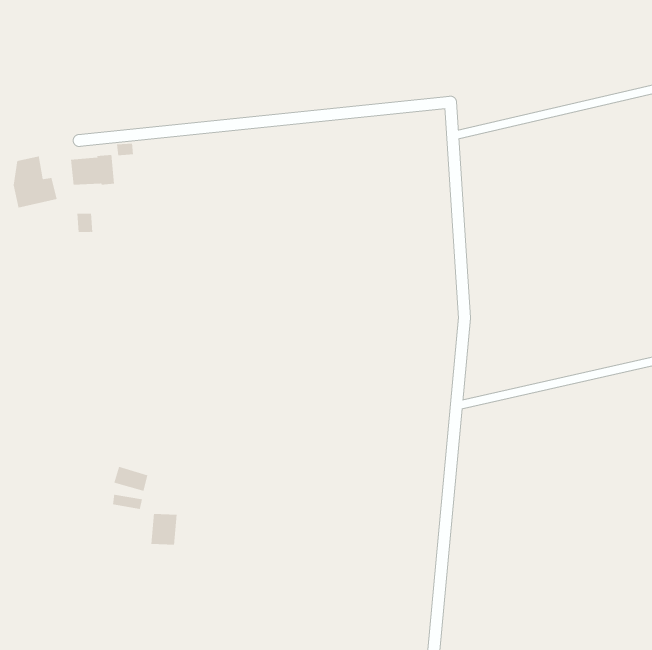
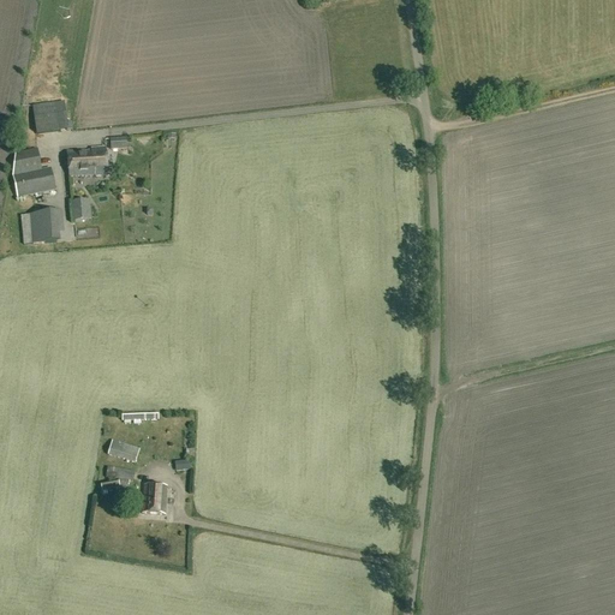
building: none -> [32,100,66,132]
building: none -> [30,211,56,241]

